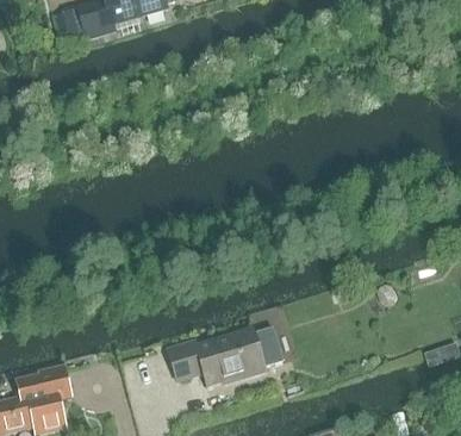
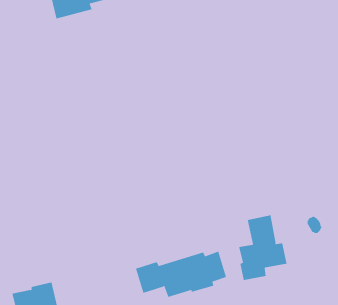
building: none -> [239,215,287,281]

